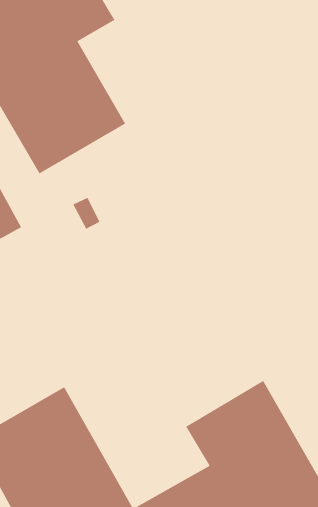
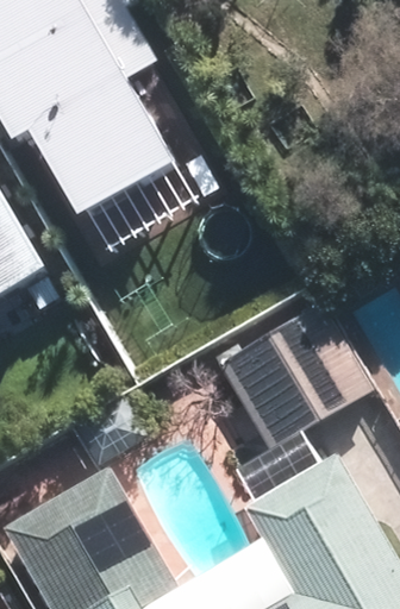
building: none -> [214,303,368,448]

